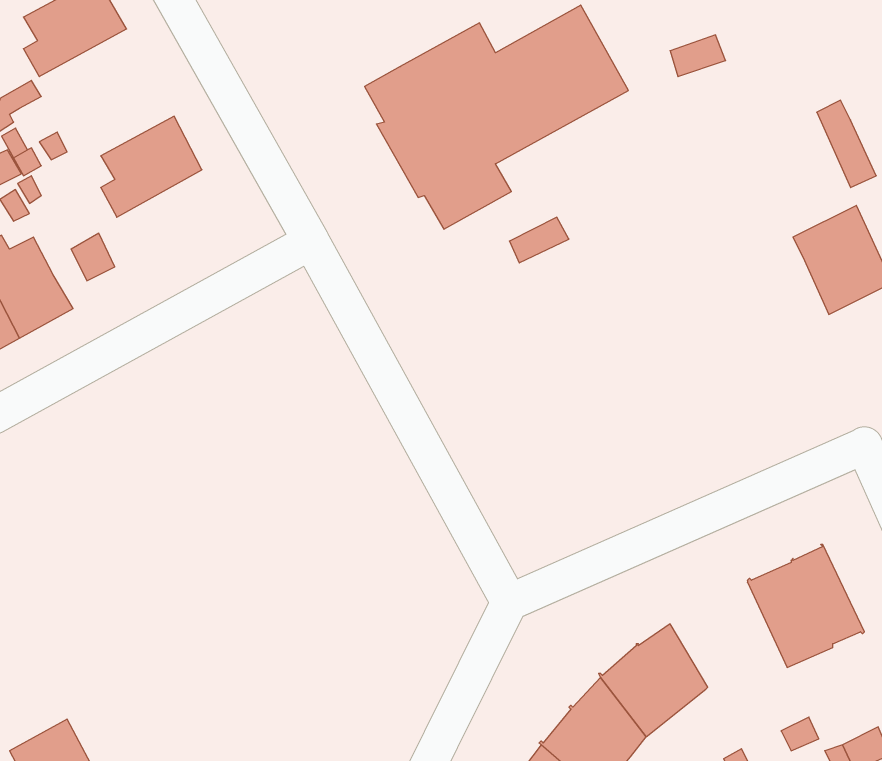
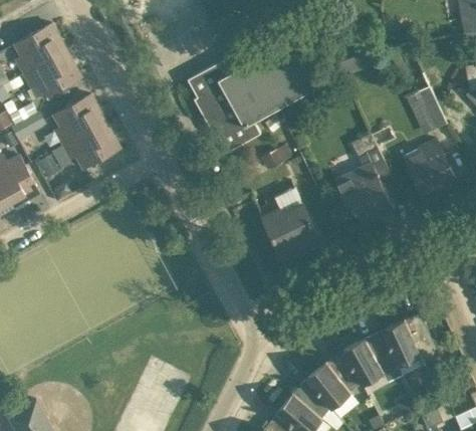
building: none -> [23,51,81,98]
building: none -> [62,123,121,170]
building: none -> [330,135,394,225]
building: none -> [262,189,322,263]
building: none -> [342,332,402,385]

